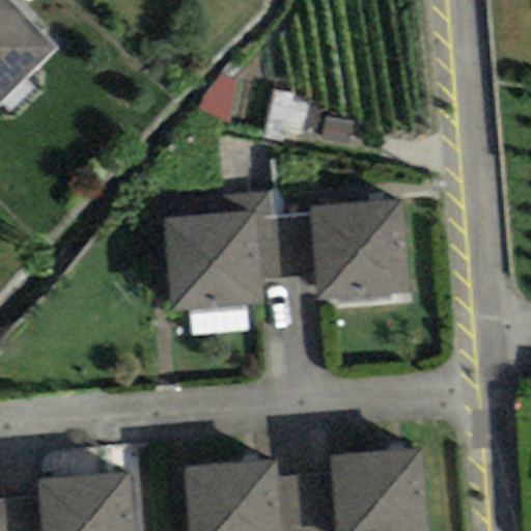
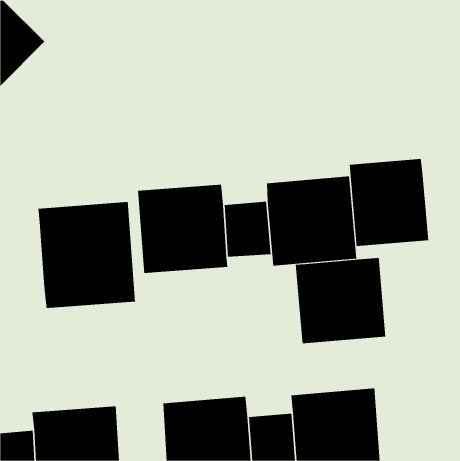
building: none -> [349,158,429,247]
building: none -> [38,201,136,309]
building: none -> [295,257,386,344]

